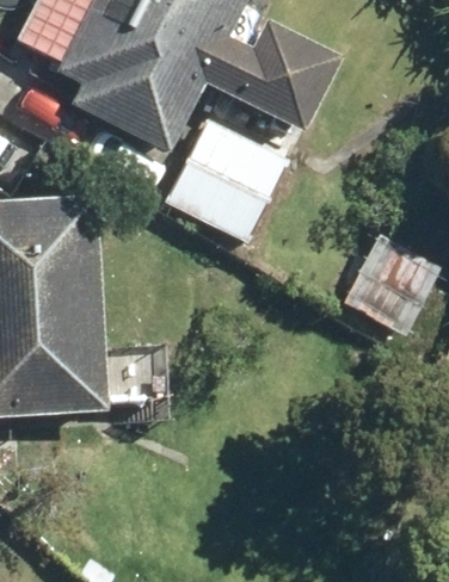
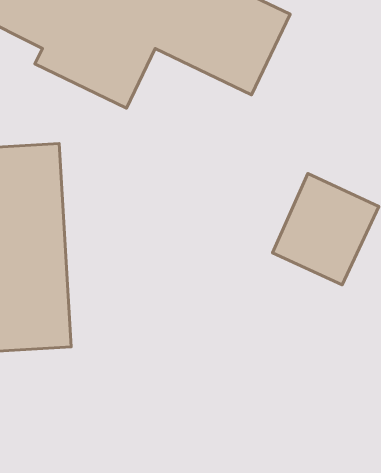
building: [166,123,284,242] -> none

